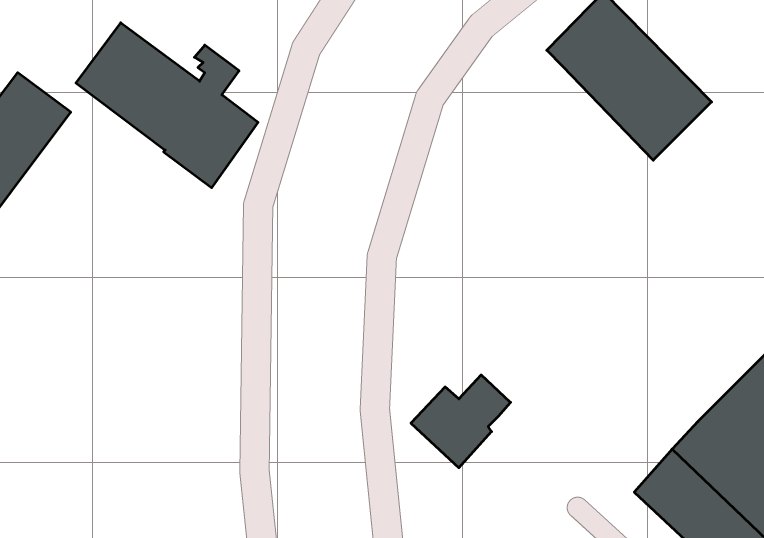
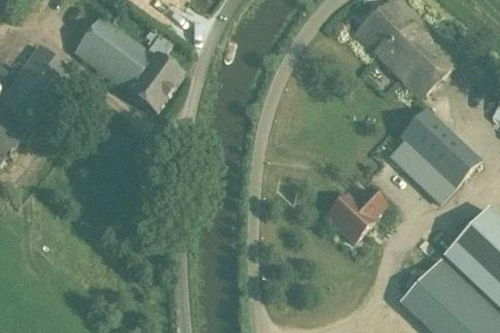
building: none -> [389,110,479,202]
building: [411,375,511,468] -> [325,187,385,243]

